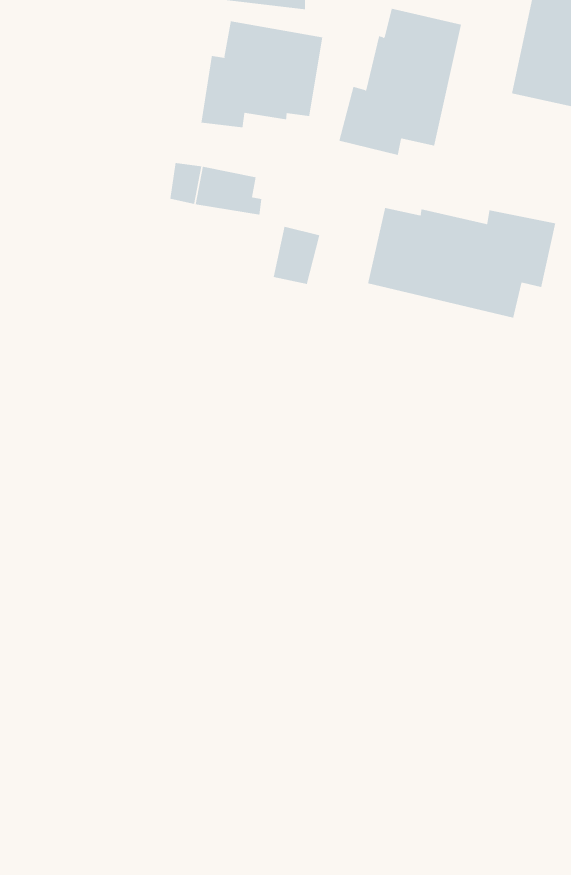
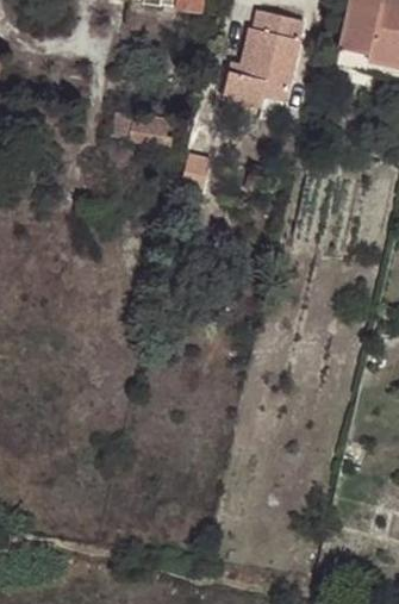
building: [201,20,323,128] -> none
building: [367,207,556,318] -> none

